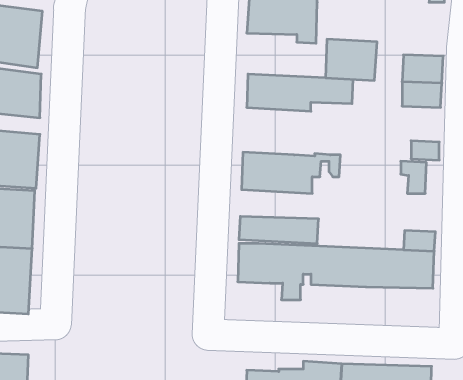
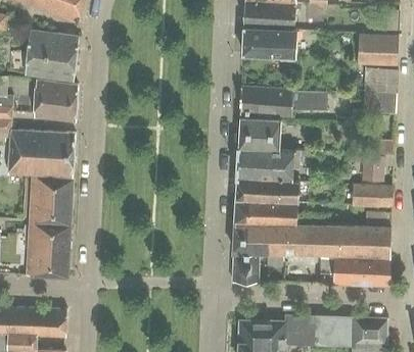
building: [326,39,377,80] -> [357,33,398,65]
building: none -> [237,117,279,150]
building: none -> [235,178,297,201]
building: none -> [353,184,392,205]
building: none -> [232,251,259,281]
building: none -> [321,255,388,285]

